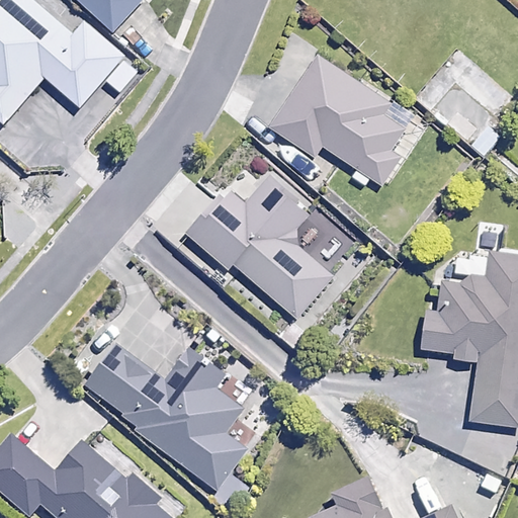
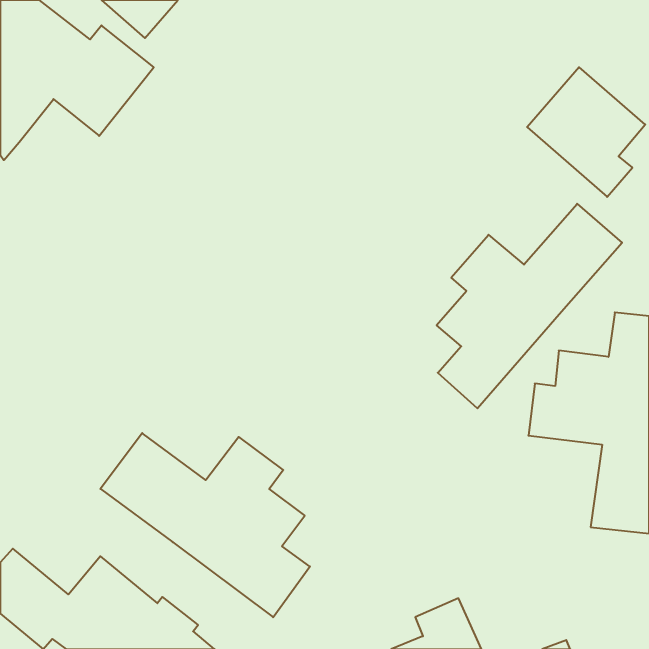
building: [270,55,405,185] -> none
building: none -> [437,204,622,408]
building: [154,172,333,318] -> none

